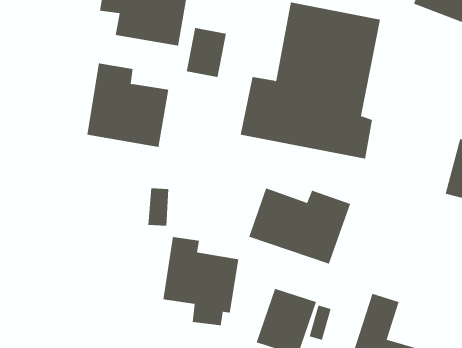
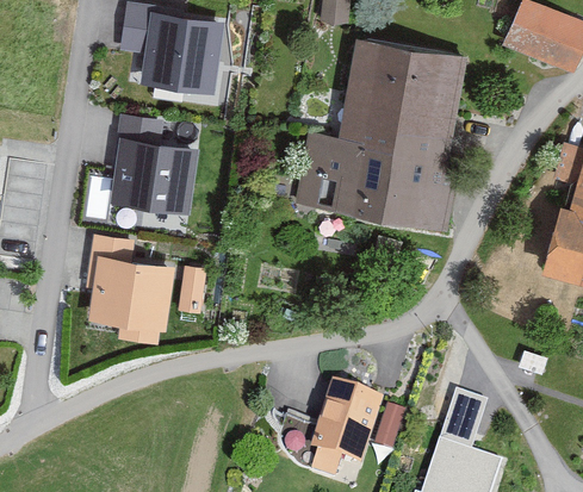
building: [186,27,226,78] -> none
building: [249,188,351,265] -> none
building: [162,236,239,326] -> [86,237,179,345]

